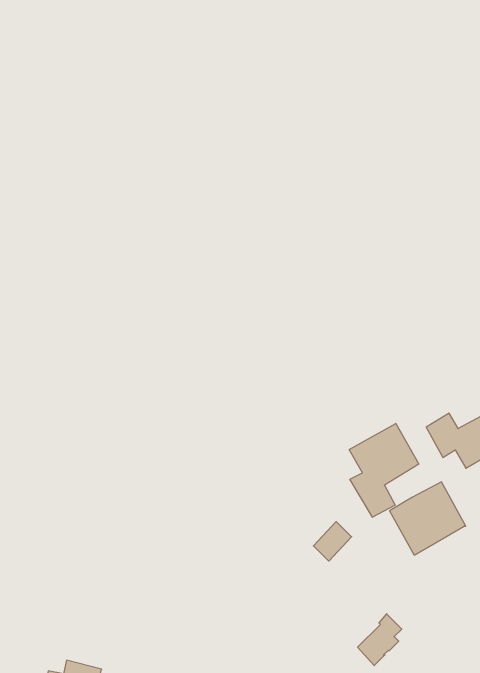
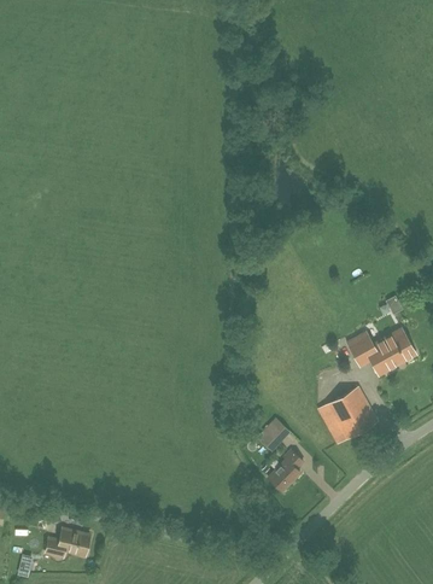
building: [349,423,419,517] -> none
building: [358,614,402,666] -> [268,450,303,491]

